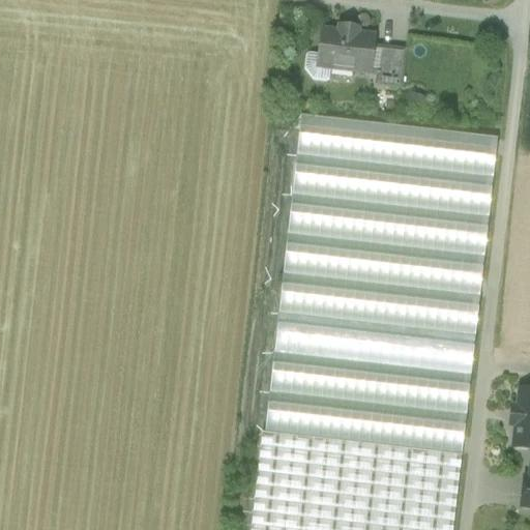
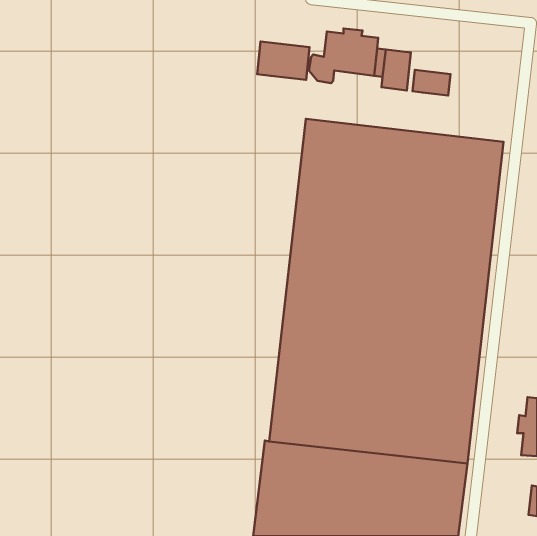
building: none -> [257,41,310,80]
building: none -> [412,70,450,96]

